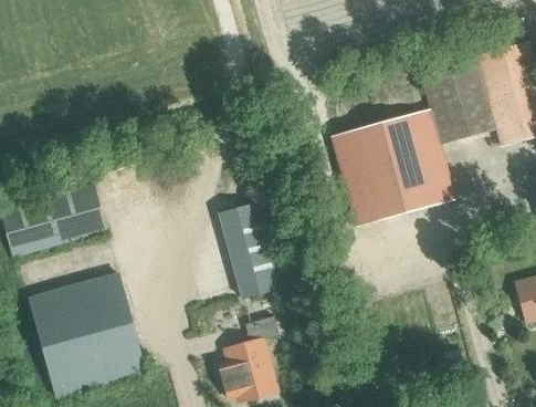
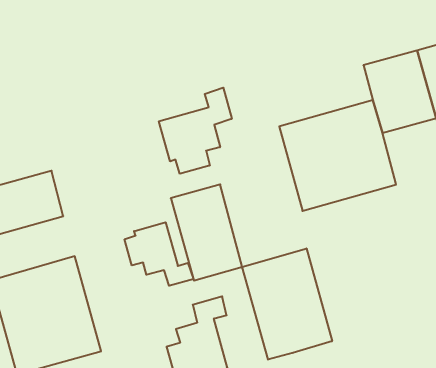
building: none -> [159,88,232,174]
building: none -> [125,222,193,286]
building: none -> [242,248,332,360]

